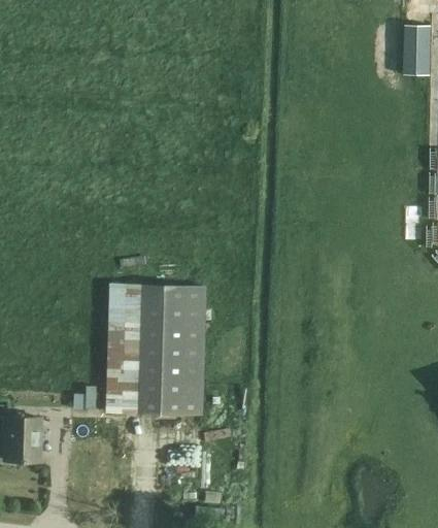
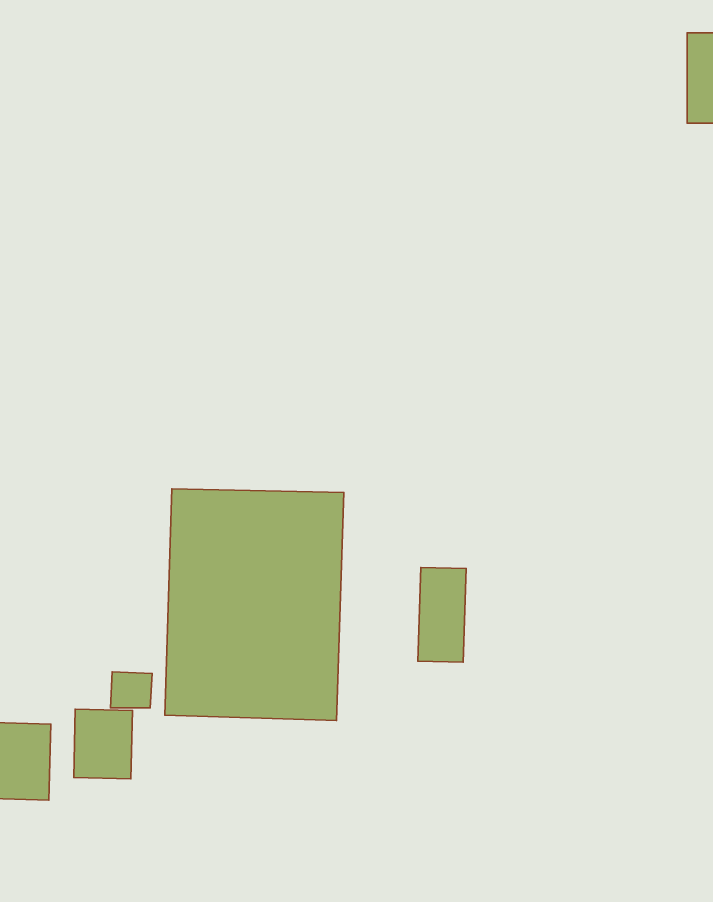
building: none -> [418,568,466,662]
building: none -> [74,709,132,779]

